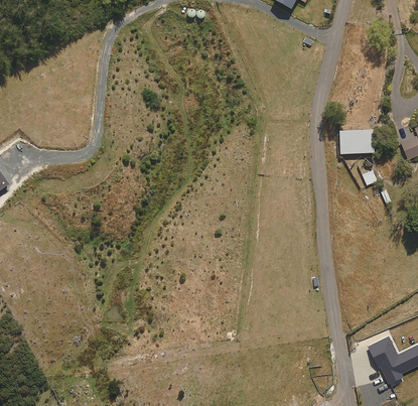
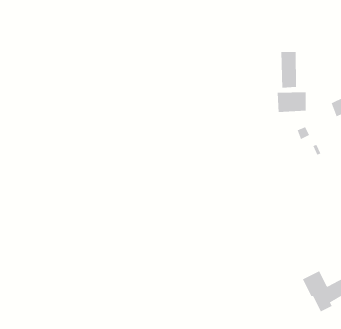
building: none -> [281,51,297,89]

